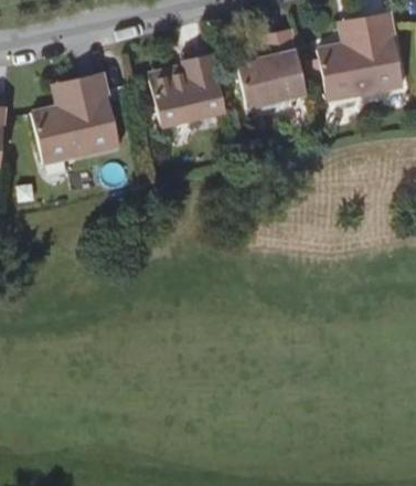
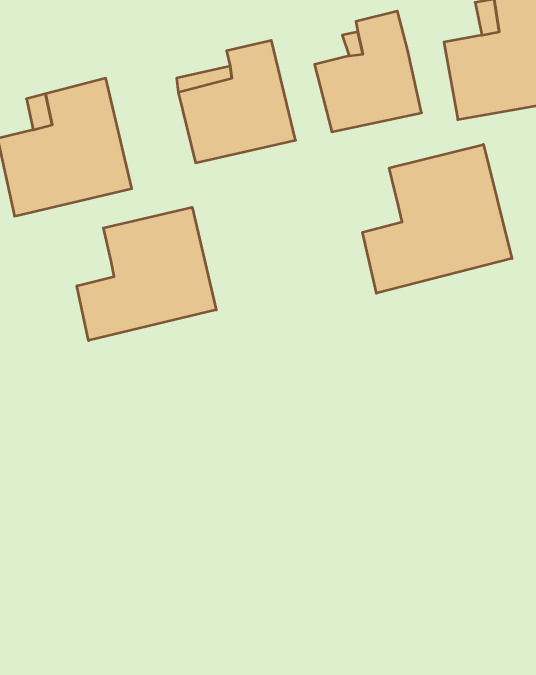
building: none -> [363,144,512,293]
building: none -> [77,207,216,341]

